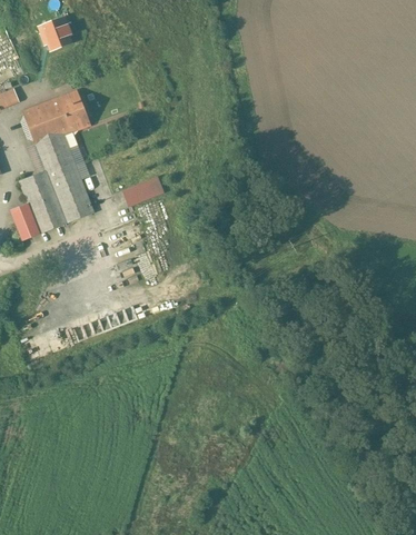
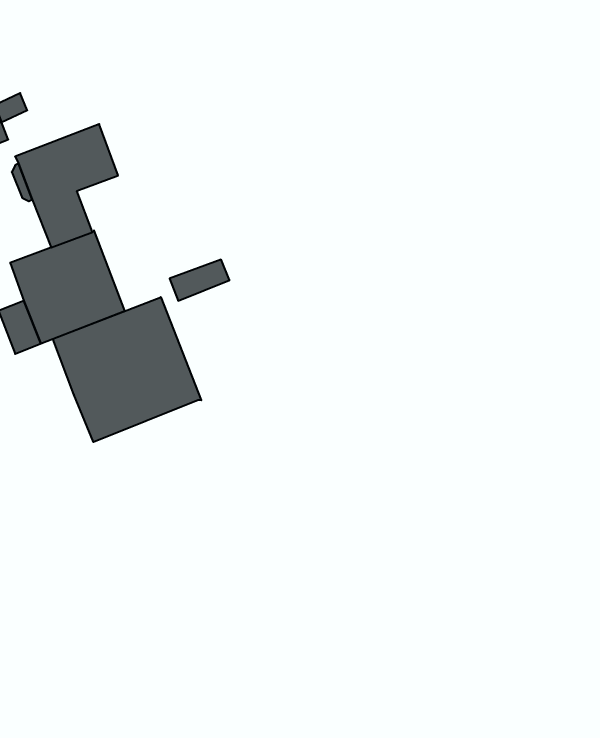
building: [42,17,72,50] -> none
building: none -> [53,297,201,442]

